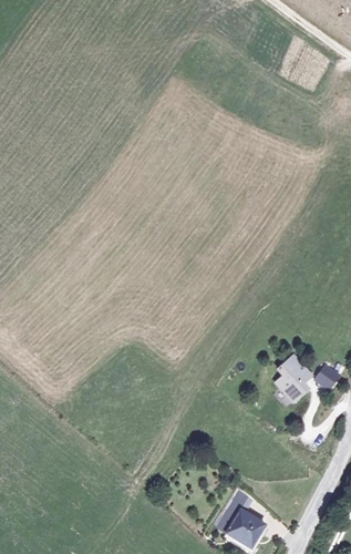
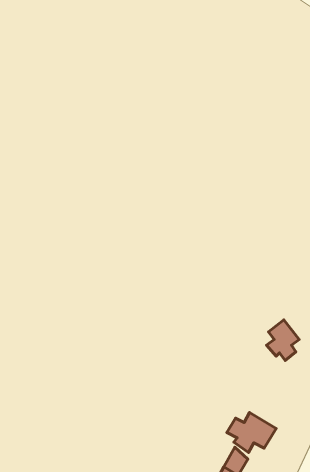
building: none -> [227,413,276,453]

